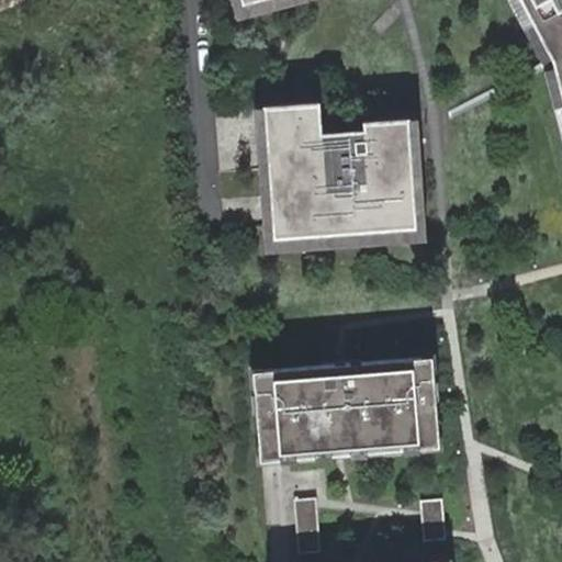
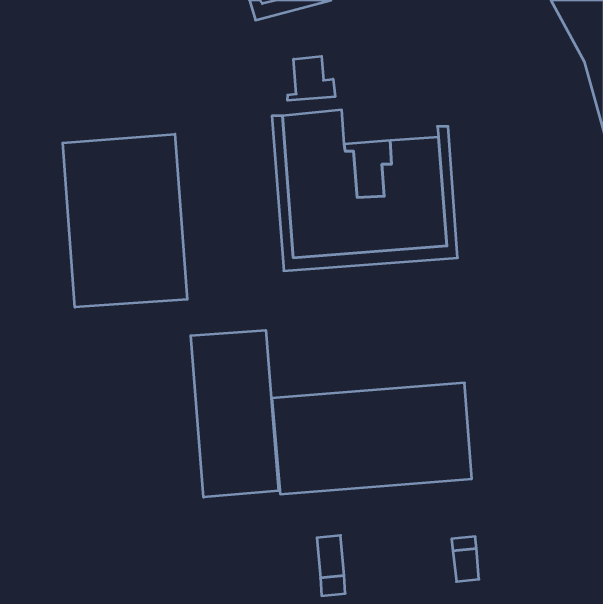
building: none -> [288,56,335,100]
building: none -> [63,134,187,307]
building: none -> [191,330,278,497]

